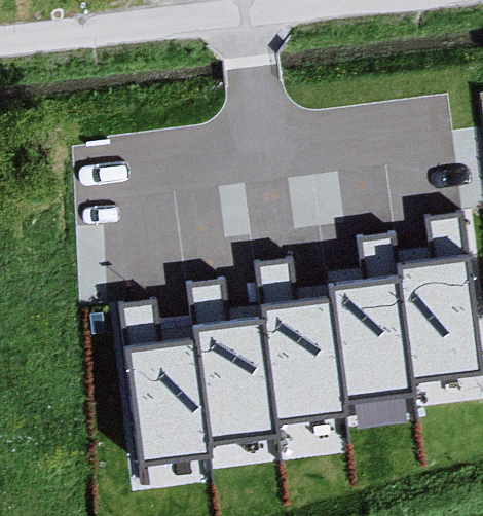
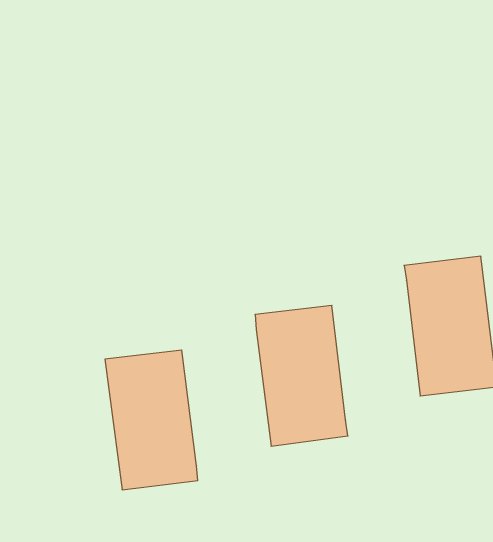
building: [327,271,410,397] -> none
building: [193,316,276,438] -> none

